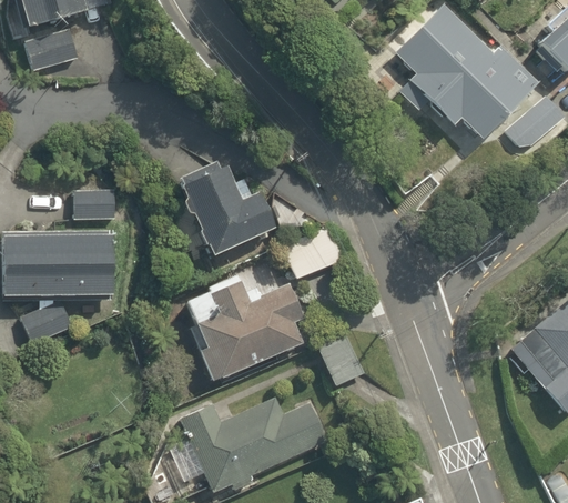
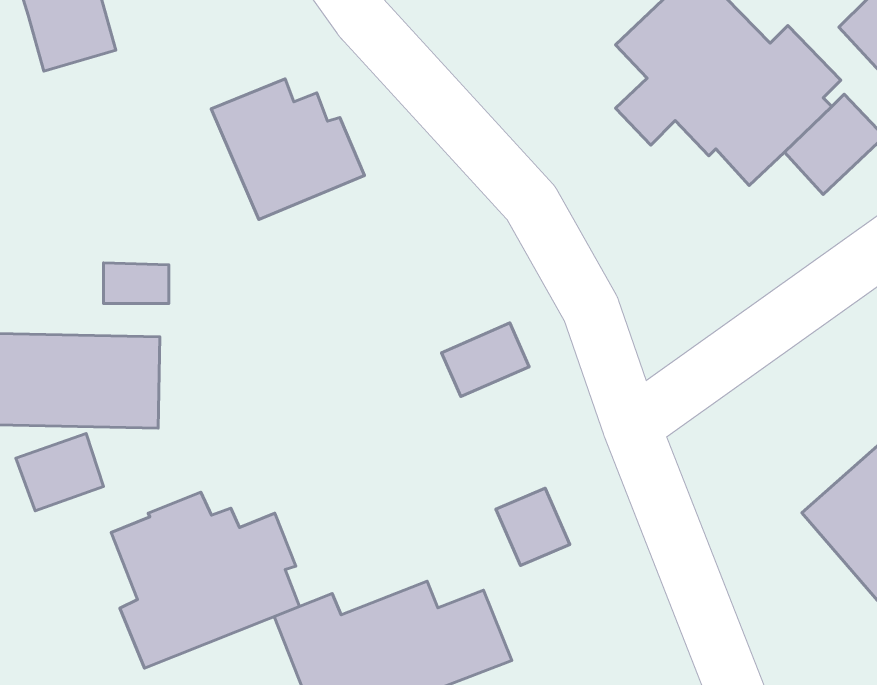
building: [180,167,276,255] -> [211,79,364,220]
building: [186,272,305,383] -> [111,492,299,668]

